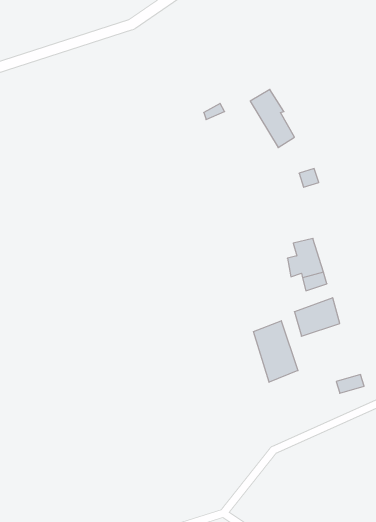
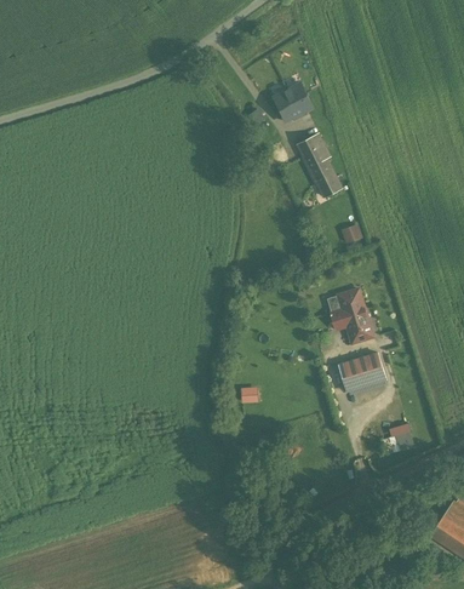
building: none -> [274,85,313,121]
building: [253,321,298,382] -> none

